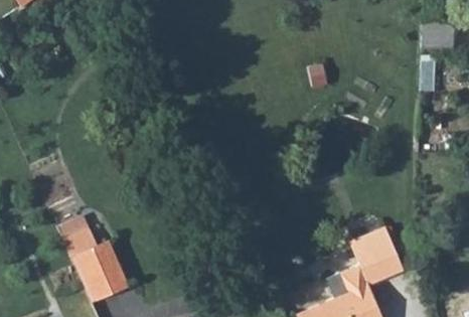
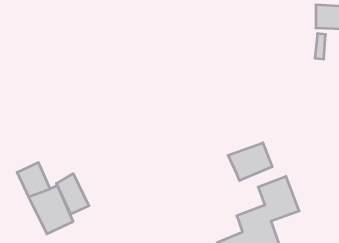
building: none -> [228,143,272,181]
building: none -> [56,174,89,214]

